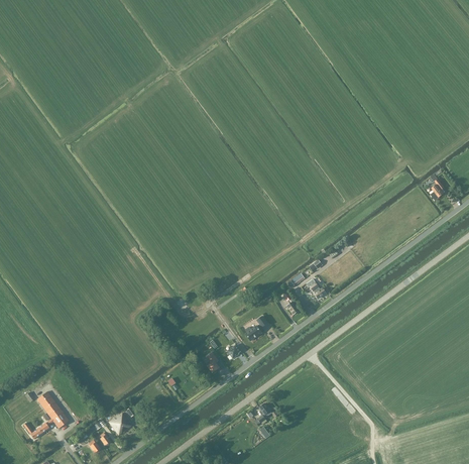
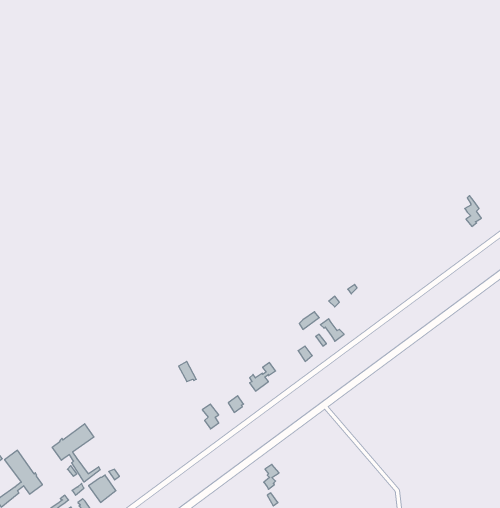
building: none -> [52,424,100,482]

